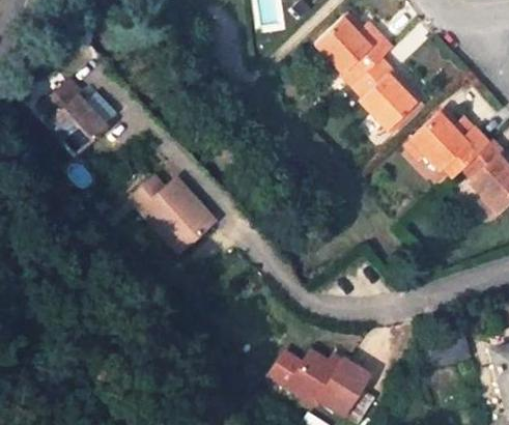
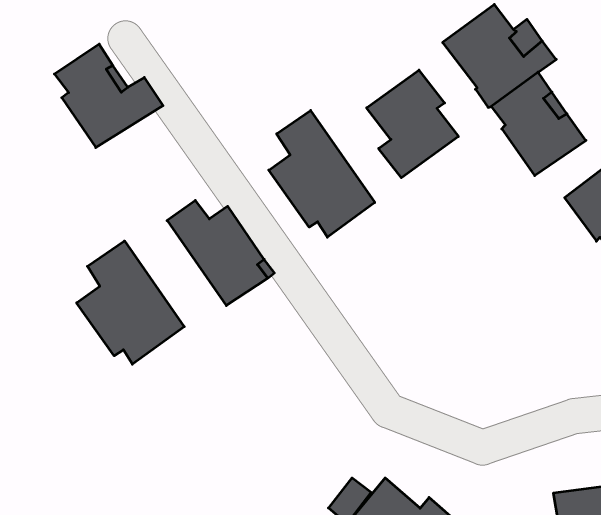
building: none -> [367,70,458,178]
building: none -> [269,110,375,237]
building: none -> [77,241,184,364]

